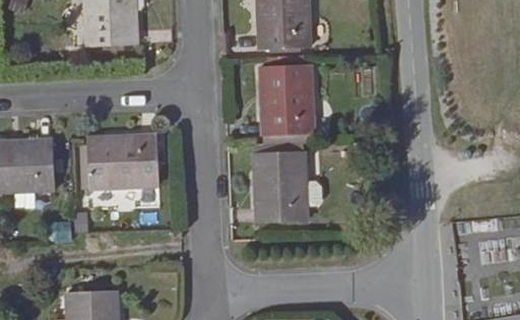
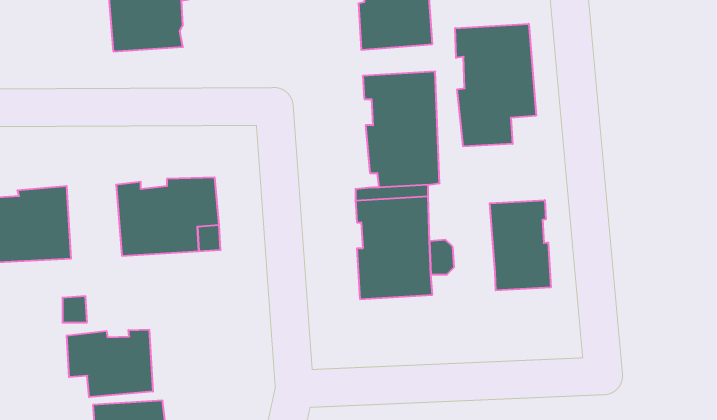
building: none -> [455,24,536,146]
building: none -> [490,200,551,290]
building: none -> [67,330,153,397]

